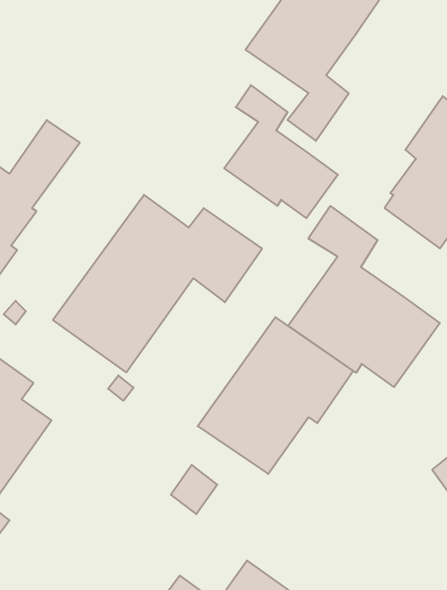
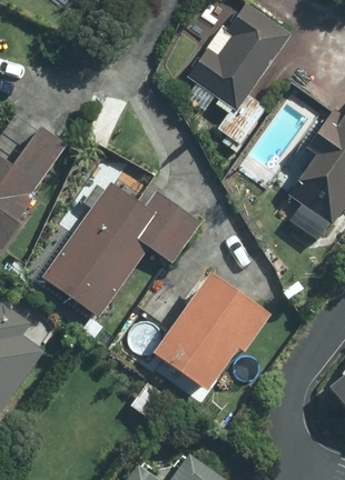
building: [224,85,338,218] -> none
building: [288,206,440,387] -> none

